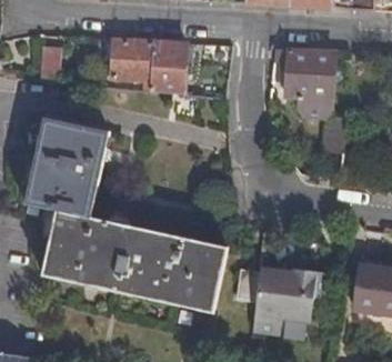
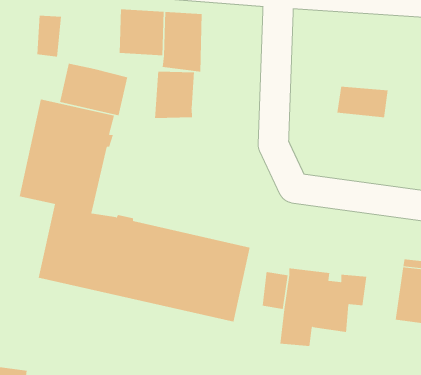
building: [285,49,334,99] -> none
building: none -> [60,63,128,116]
building: none -> [154,71,194,119]

